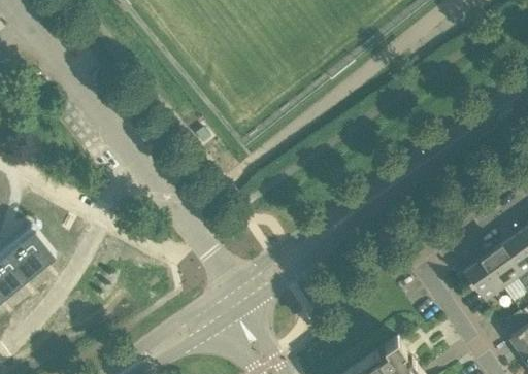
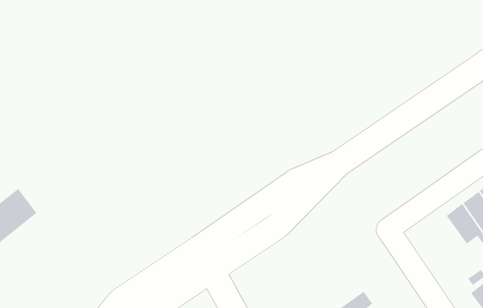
building: [458,258,505,302] -> none

